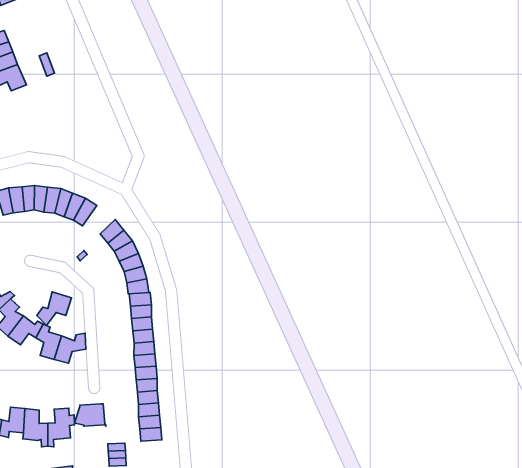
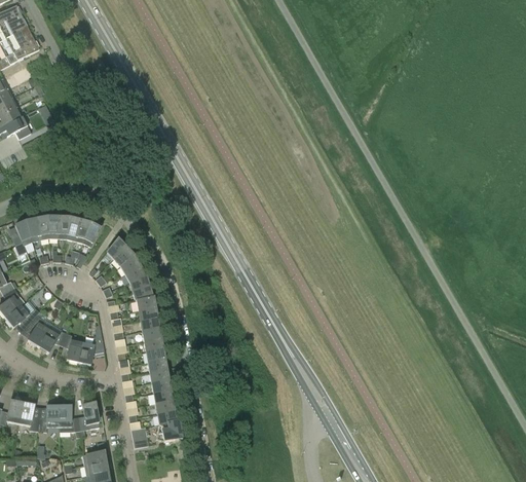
building: [37,292,72,326] -> none
building: [74,404,106,426] -> [155,419,182,440]

